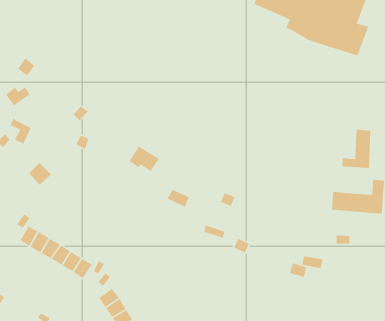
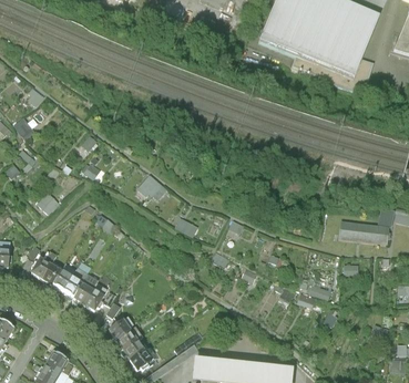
building: [342,129,371,169] -> none

